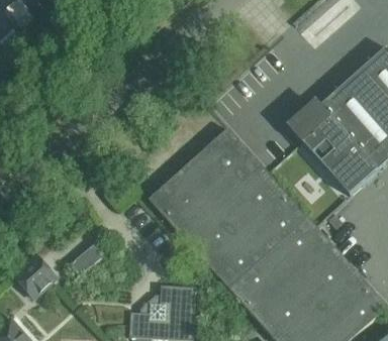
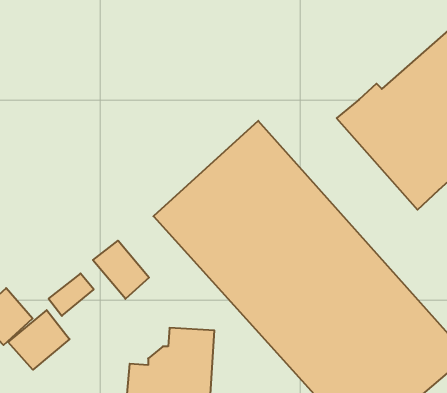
building: none -> [93,241,149,299]
building: none -> [8,310,70,370]

